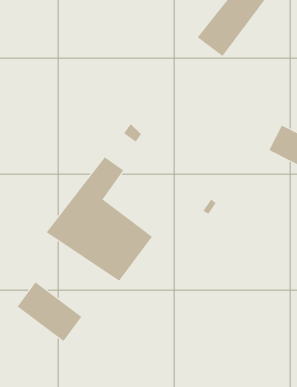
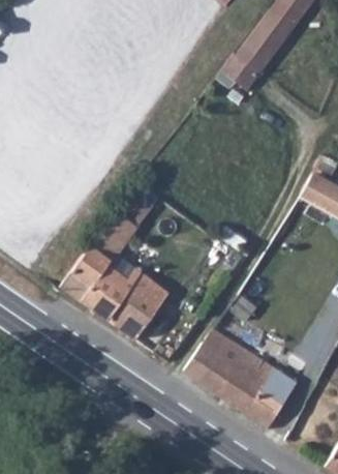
building: none -> [182,328,300,431]
building: [17,282,82,342] -> none

